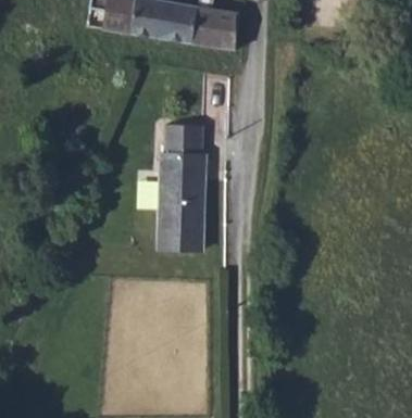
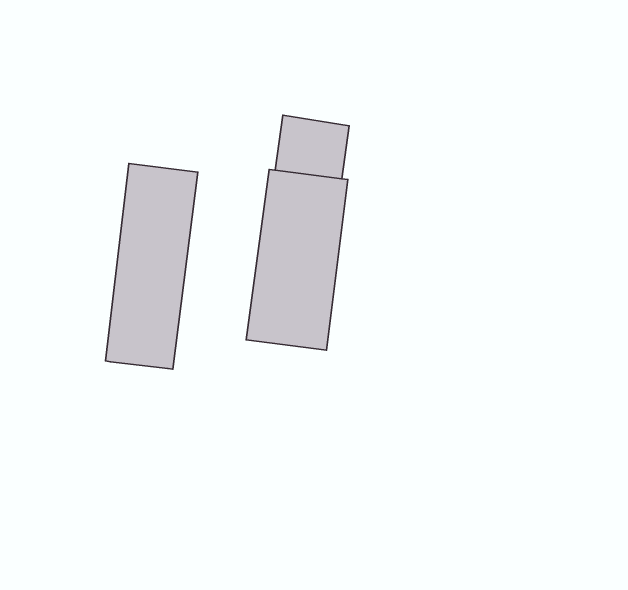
building: none -> [105,163,198,369]

